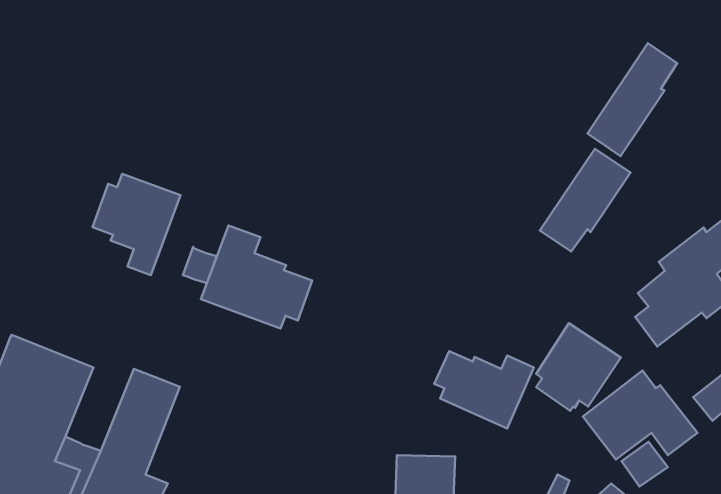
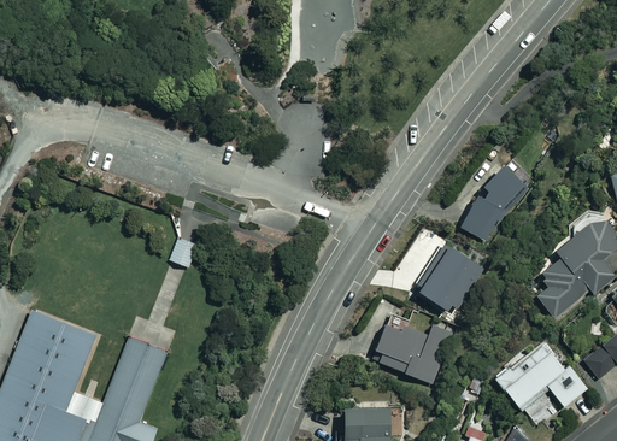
building: [587,43,677,156] -> none
building: [92,174,180,275] -> none
building: [201,225,312,328] -> none
building: [536,323,621,411] -> [416,241,484,312]

